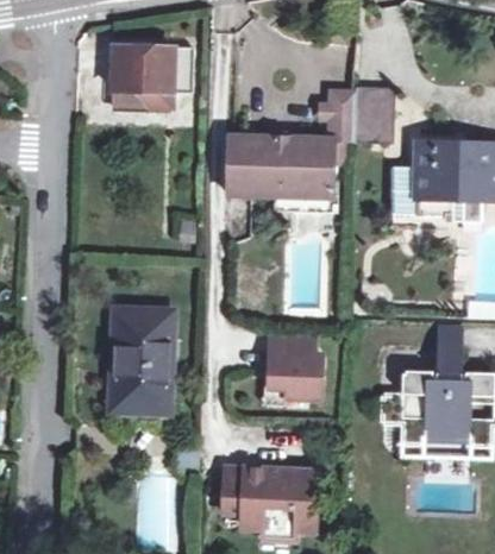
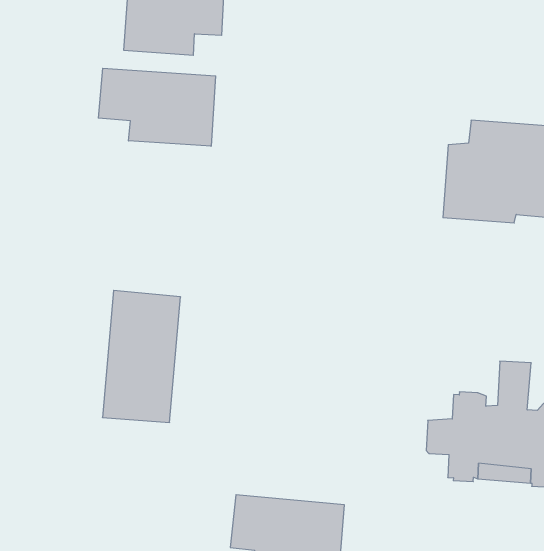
building: [231,86,381,207] -> none
building: none -> [98,68,216,146]
building: [268,330,324,398] -> none

